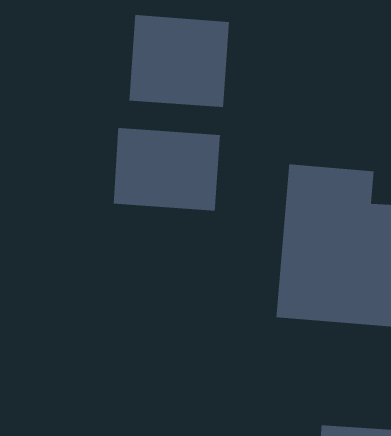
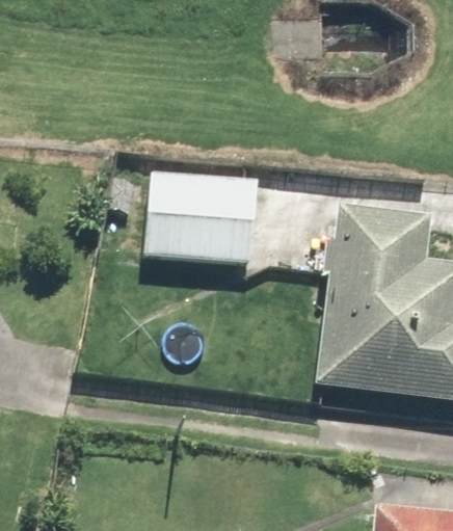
building: [128,14,230,108] -> none

